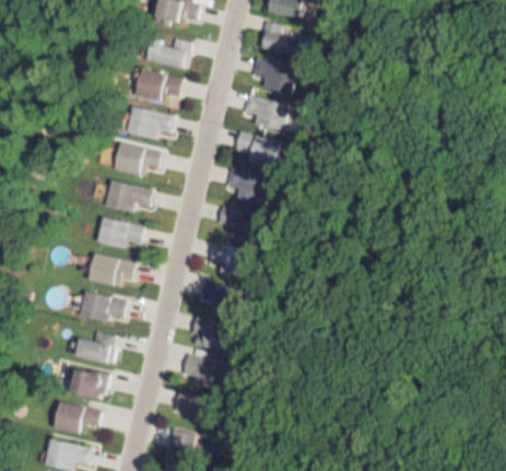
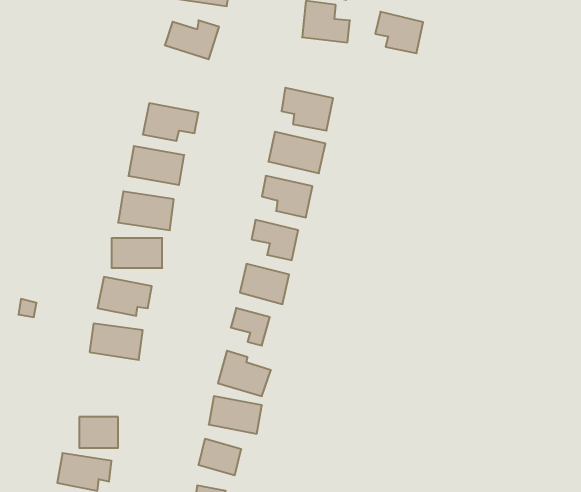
building: [254,57,294,92] -> [375,12,423,53]
building: [134,68,181,102] -> none
building: [74,331,113,361] -> none

